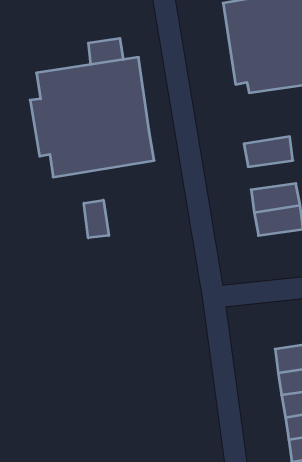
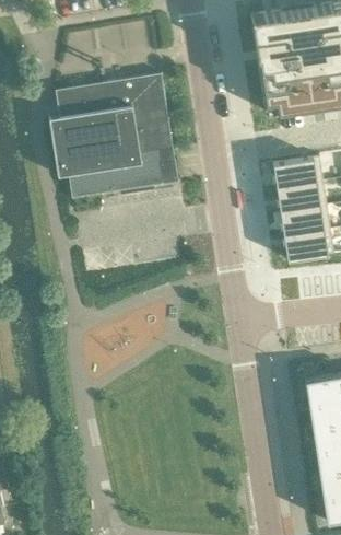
building: [88,38,123,65] -> none
building: none -> [277,181,327,211]
building: [84,200,109,238] -> none

